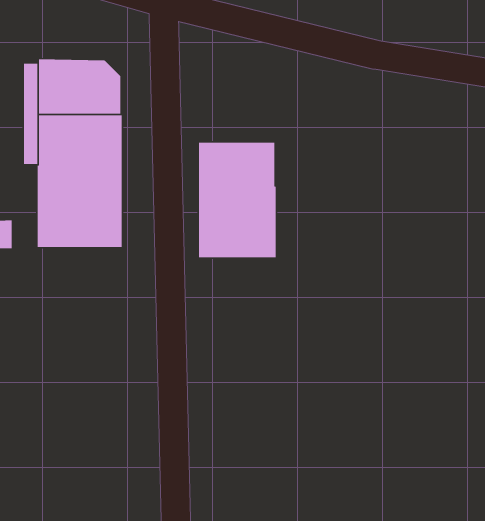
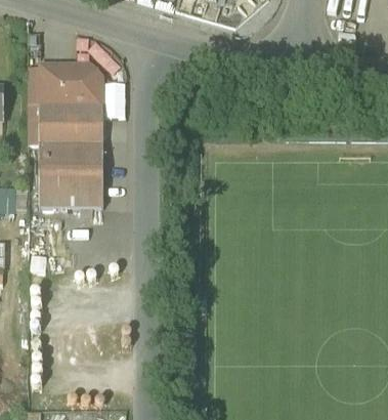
building: [198,142,276,258] -> none

